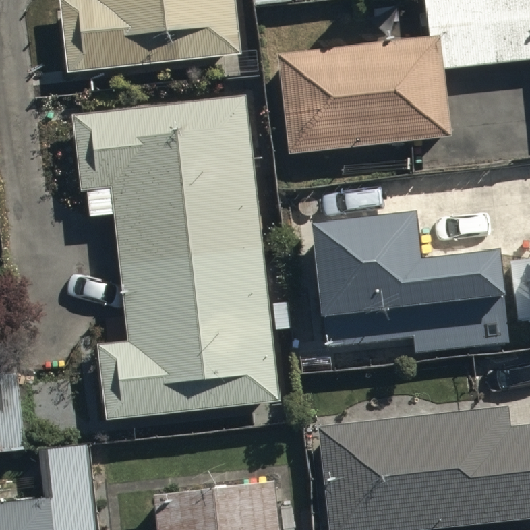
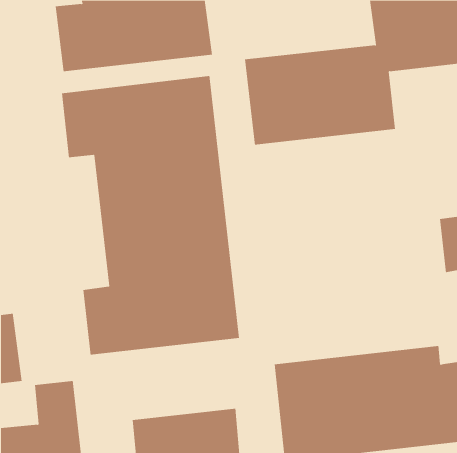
building: [308,204,507,351] -> none

